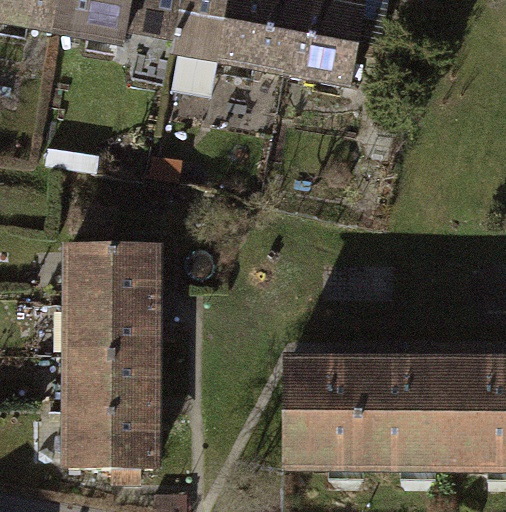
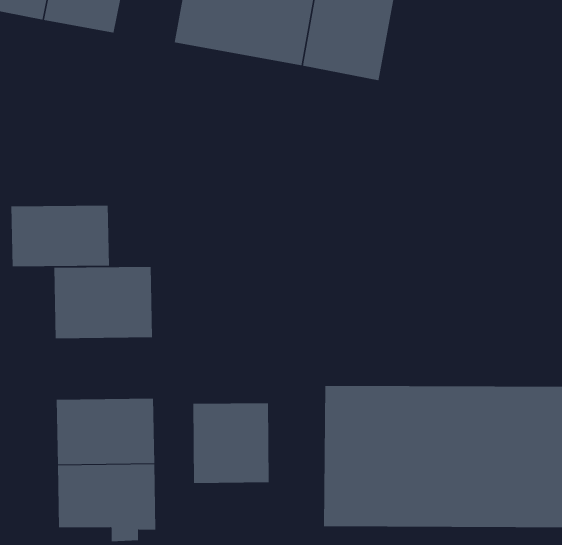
building: [65,306,150,359] -> [11,205,110,267]
building: none -> [193,402,269,484]

